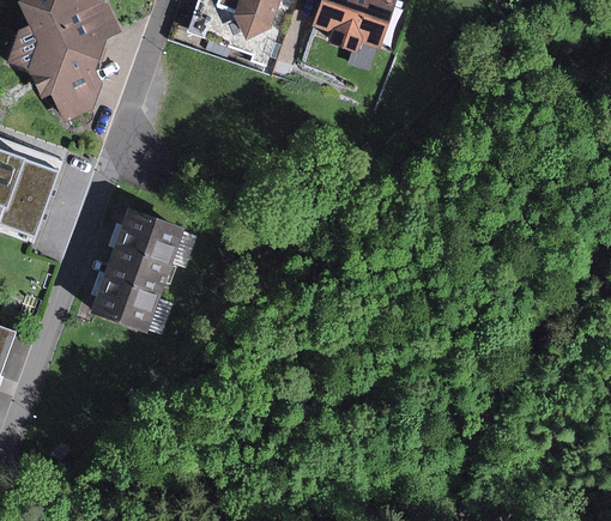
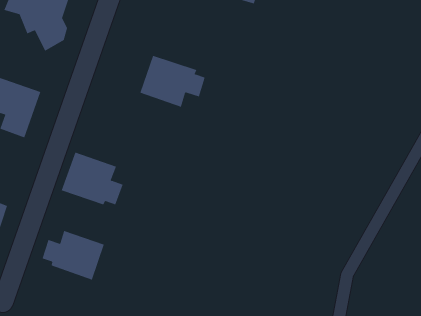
building: [107,205,199,278] -> [140,55,206,107]
building: none -> [42,230,104,280]

